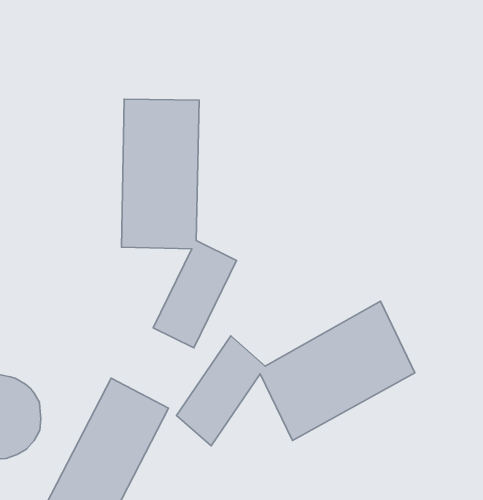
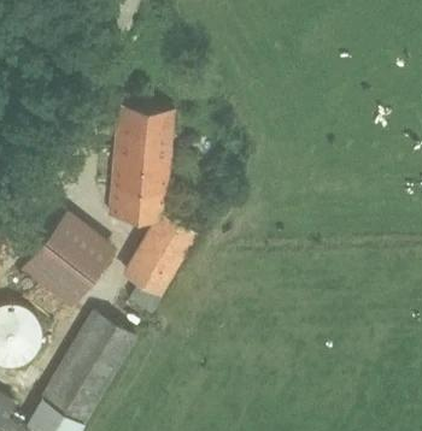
building: none -> [23,214,112,305]
building: [177,301,415,446] -> none

